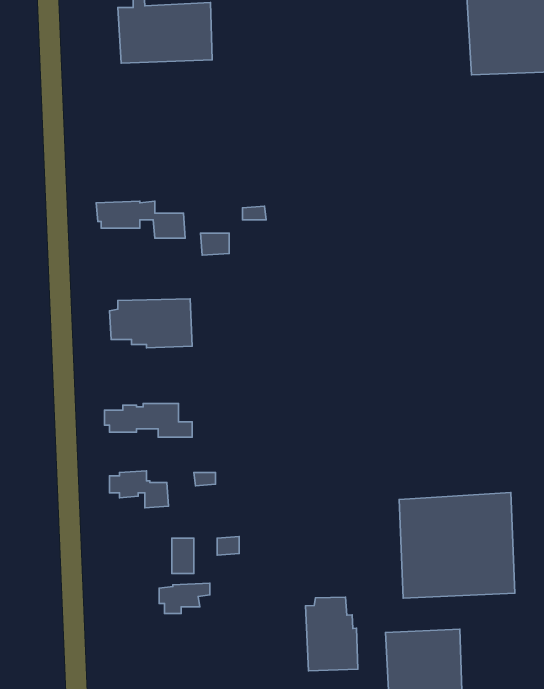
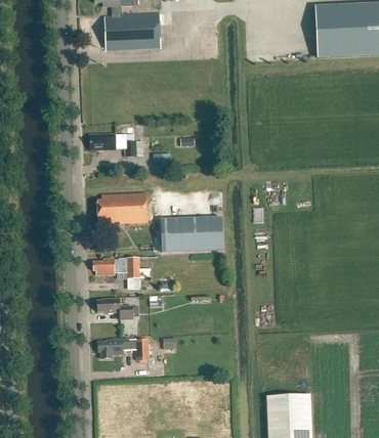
building: none -> [156,209,218,245]
building: [399,493,515,598] -> none
building: [159,583,210,613] -> [98,340,129,358]
building: [305,597,358,671] -> none

